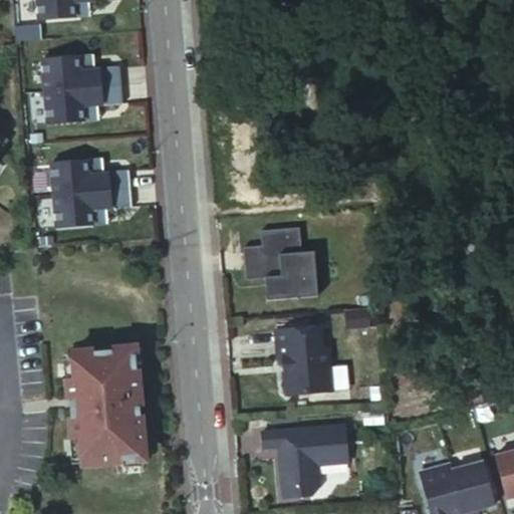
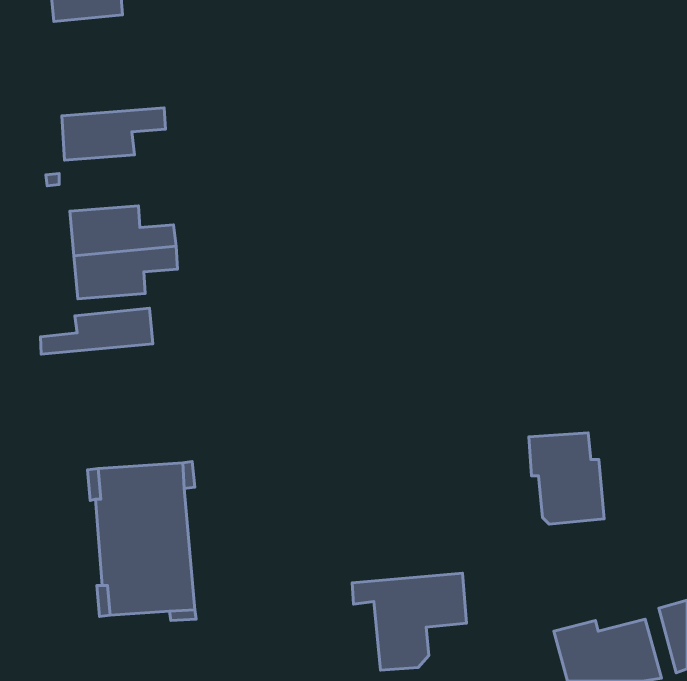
building: [43,50,122,86] -> none
building: [244,229,316,301] -> none
building: none -> [40,308,153,354]
building: [276,329,332,398] -> [529,433,604,524]

